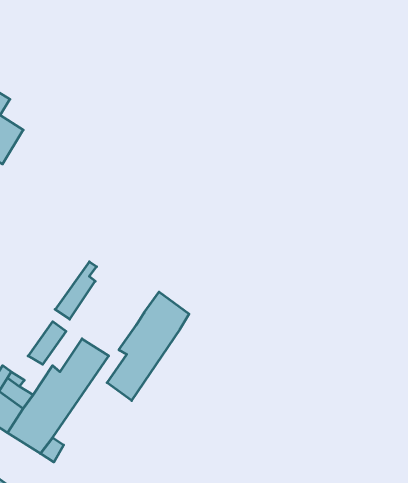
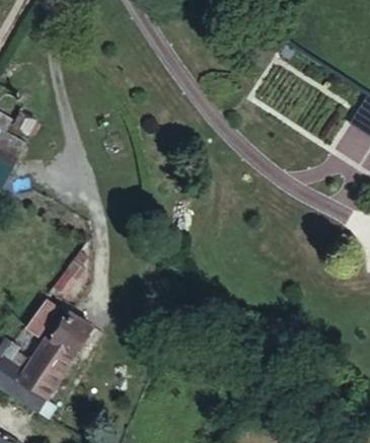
building: [107,292,189,401] -> none

